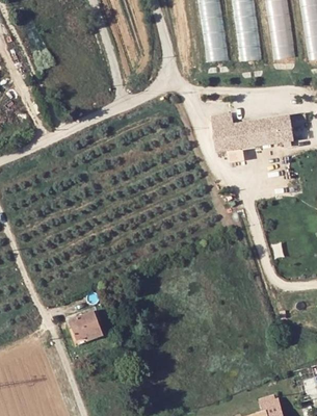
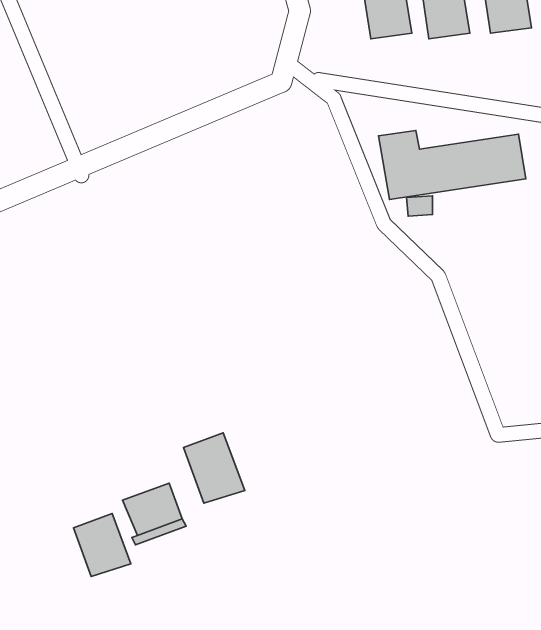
building: none -> [184,433,245,503]
building: none -> [74,514,131,576]

